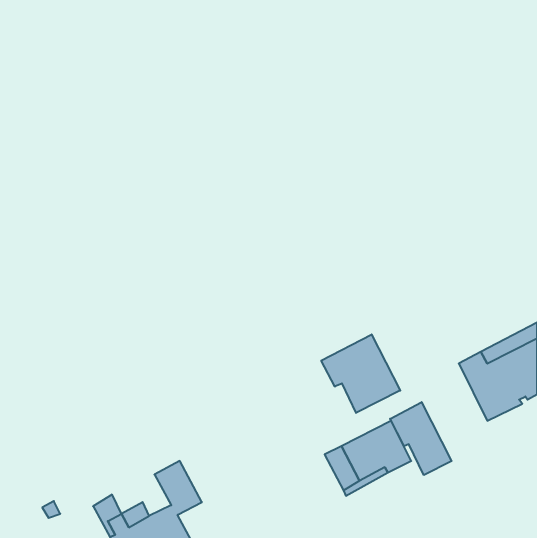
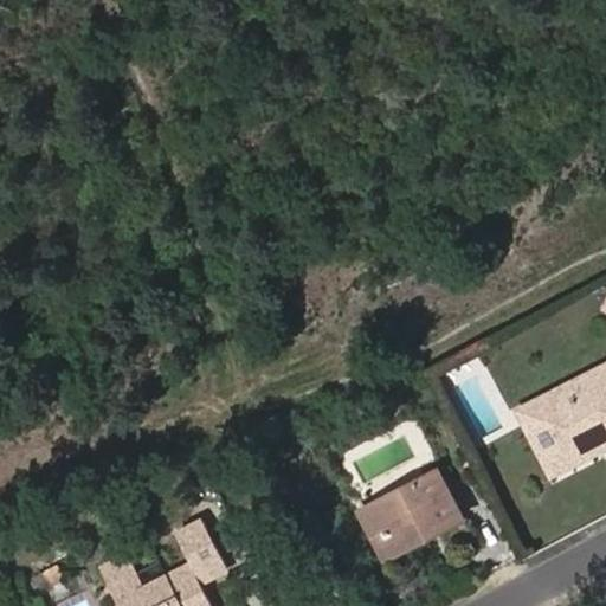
building: [321,334,400,413] -> none
building: [390,402,452,475] -> none

